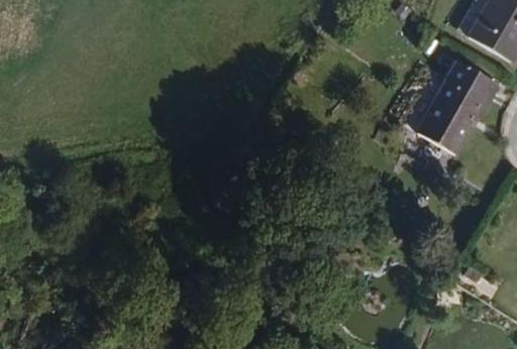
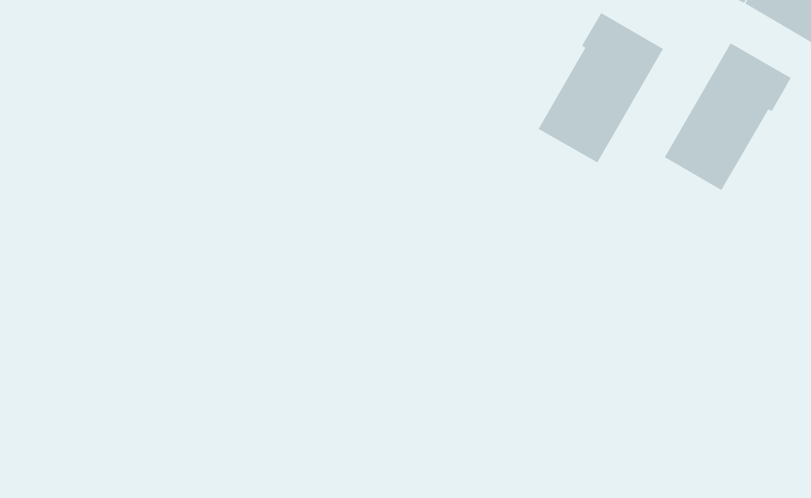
building: none -> [538,12,664,163]

